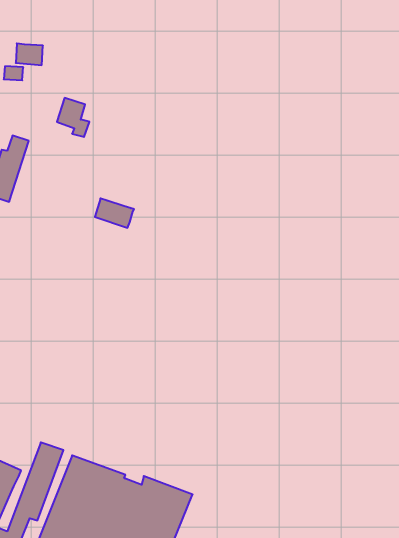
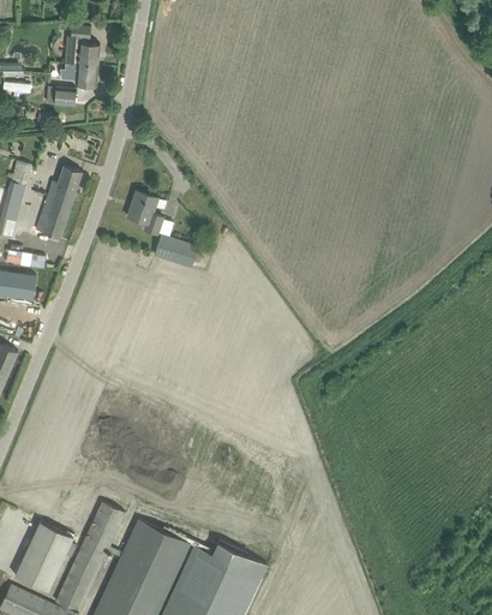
building: none -> [64,28,100,66]
building: [57,98,89,137] -> [127,191,163,234]

